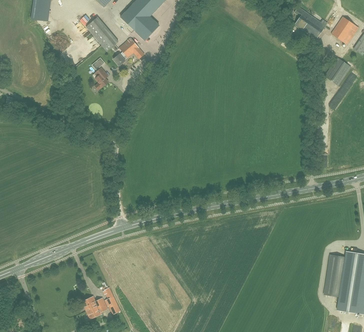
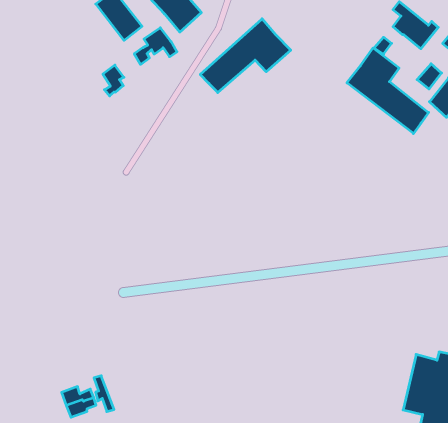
building: none -> [200,19,291,93]
building: none -> [347,48,429,134]

